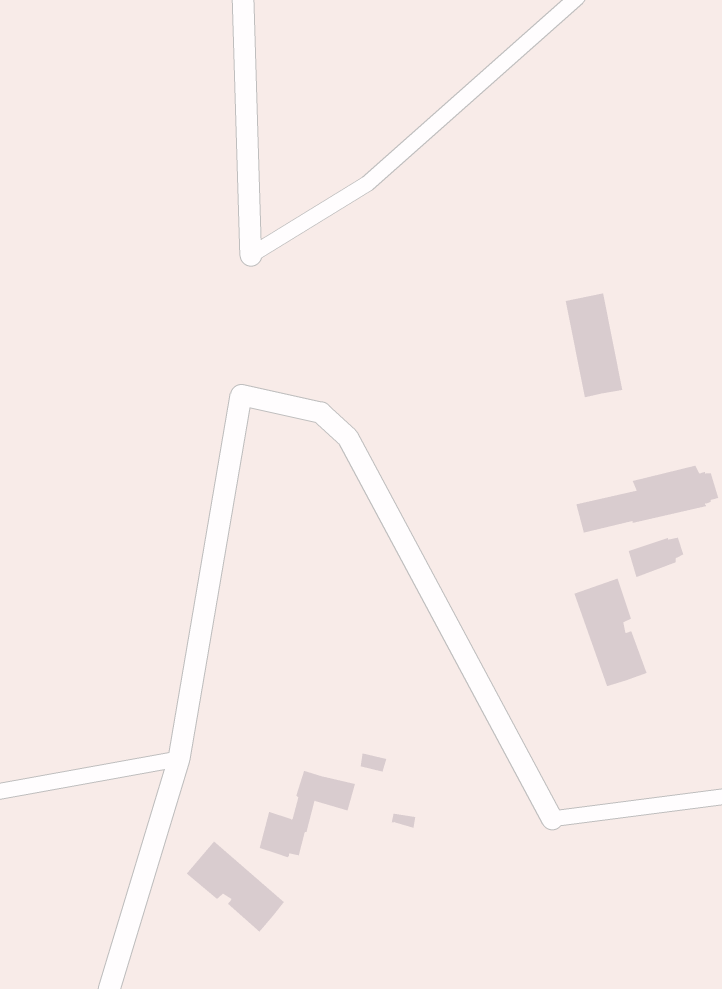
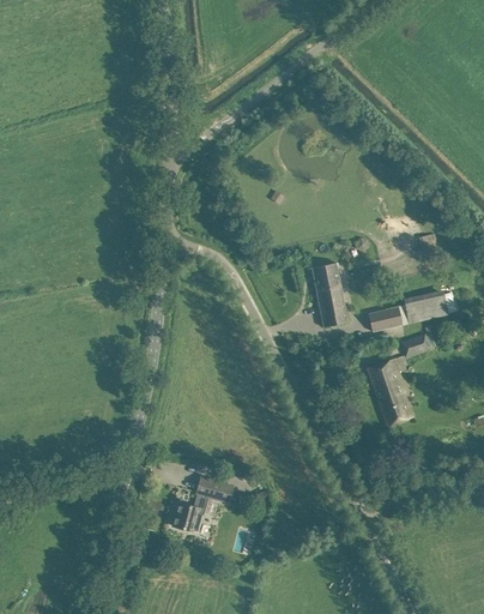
building: [565,293,623,398] -> [313,263,349,327]
building: [186,840,285,932] -> none

